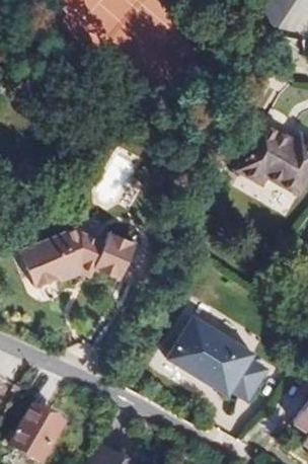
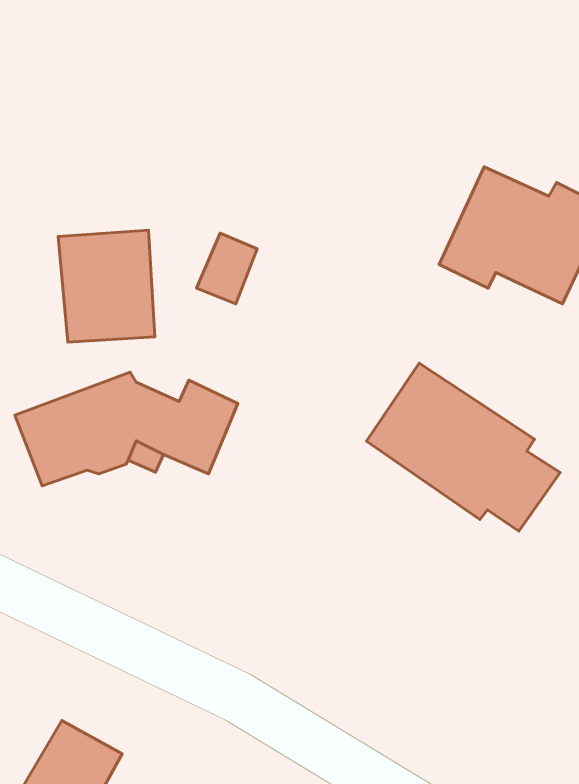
building: none -> [58,230,155,342]
building: [181,316,282,403] -> [366,363,560,531]

